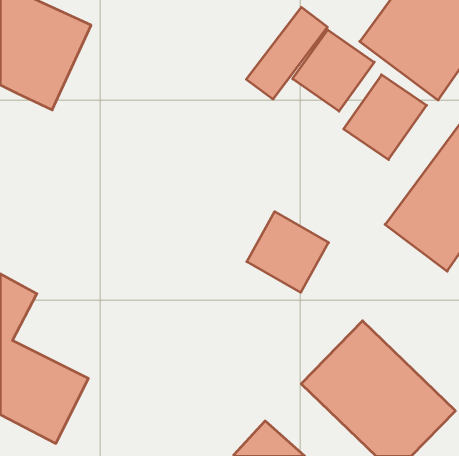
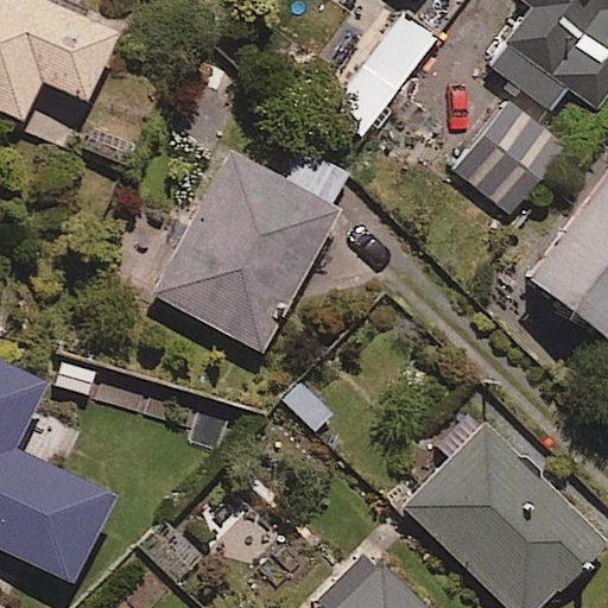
building: [293,30,374,111] -> none
building: none -> [158,152,344,352]
building: [247,212,329,292] -> none

